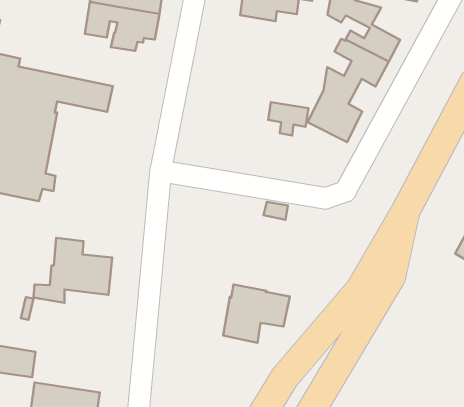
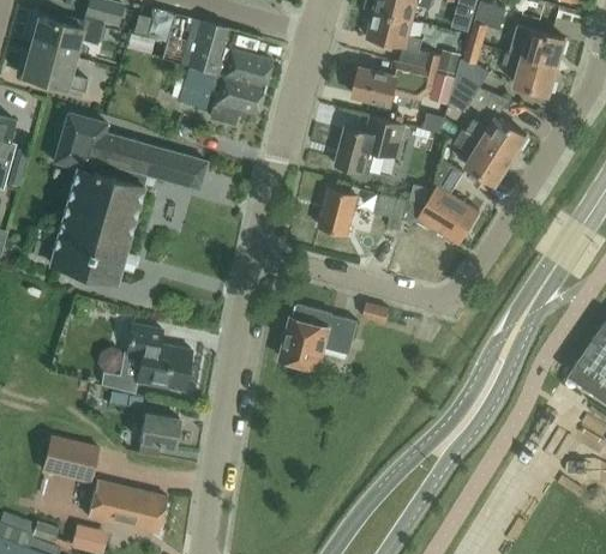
building: none -> [335,116,404,174]
building: none -> [319,187,361,234]
building: [223,285,290,343] -> [281,303,358,369]
building: none -> [137,413,178,458]

